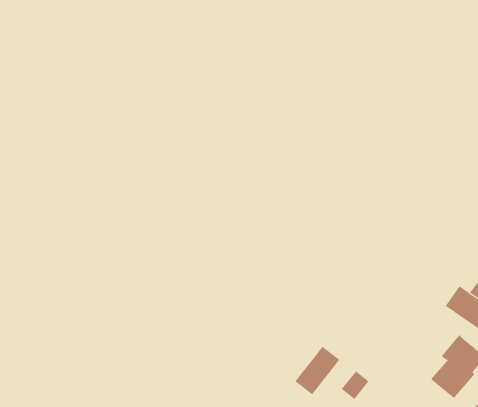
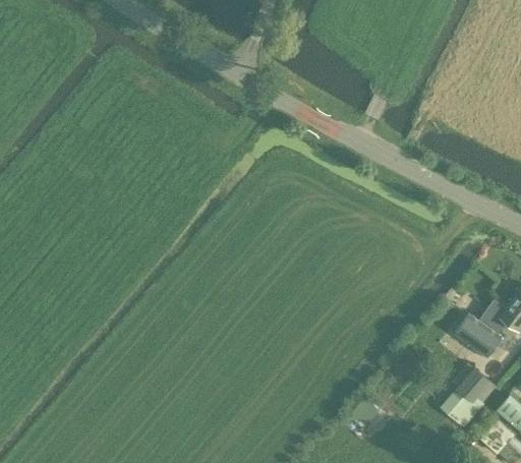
building: [294,346,340,395] -> none

